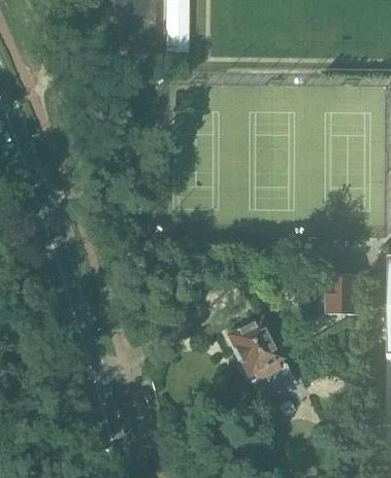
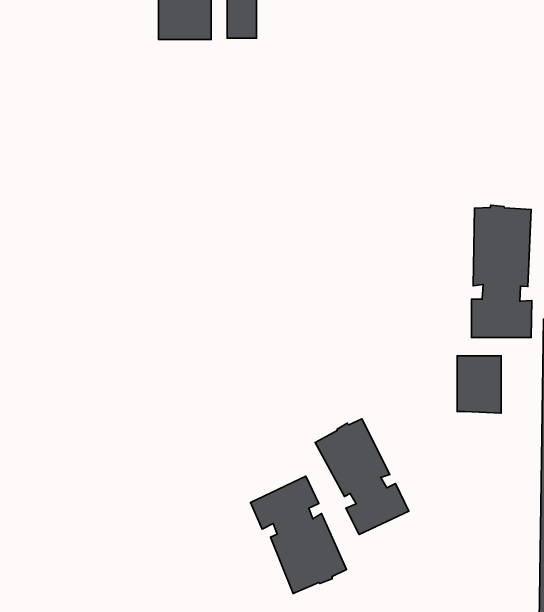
building: none -> [471,205,532,338]
building: none -> [250,476,346,594]

